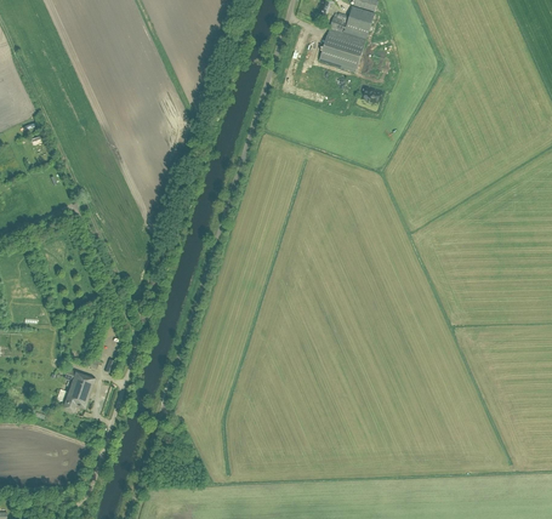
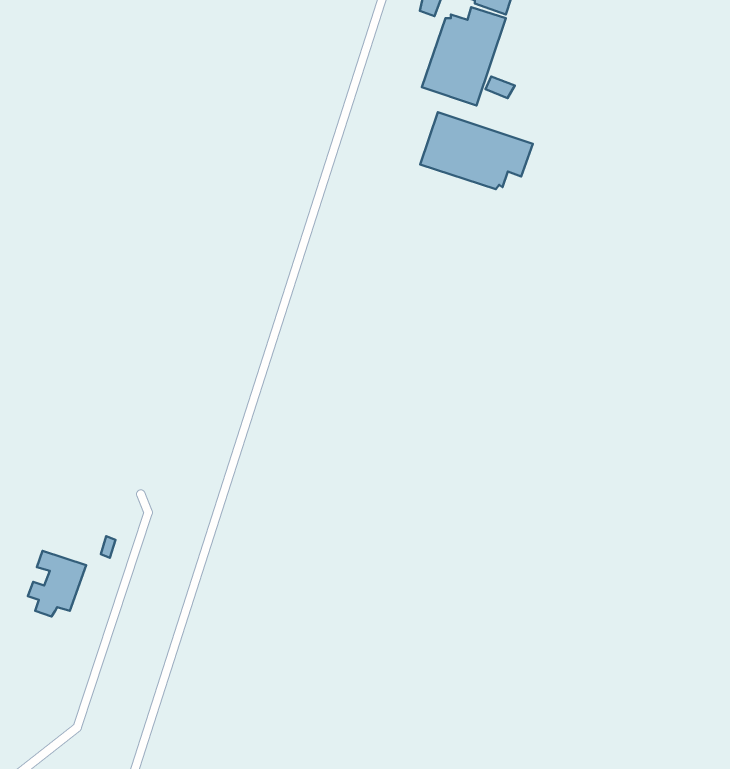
building: none -> [420,112,533,189]

